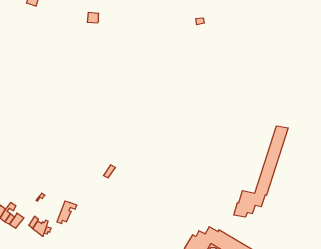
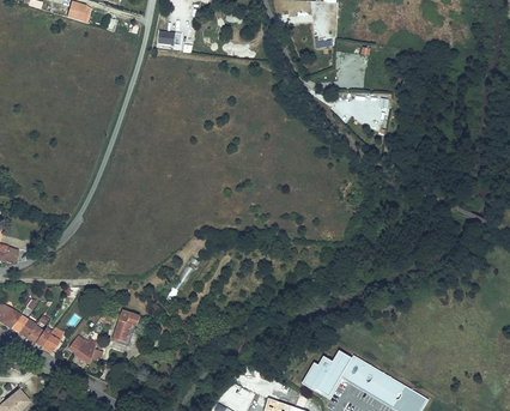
building: [234,126,288,217] -> none

